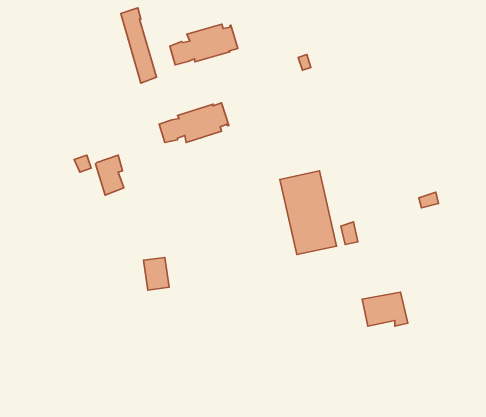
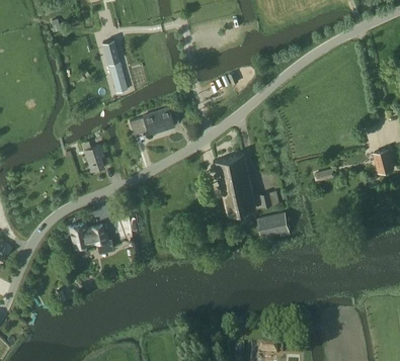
building: [170,24,238,65] -> none
building: none -> [69,222,106,248]
building: [362,292,408,326] -> [257,212,290,237]

